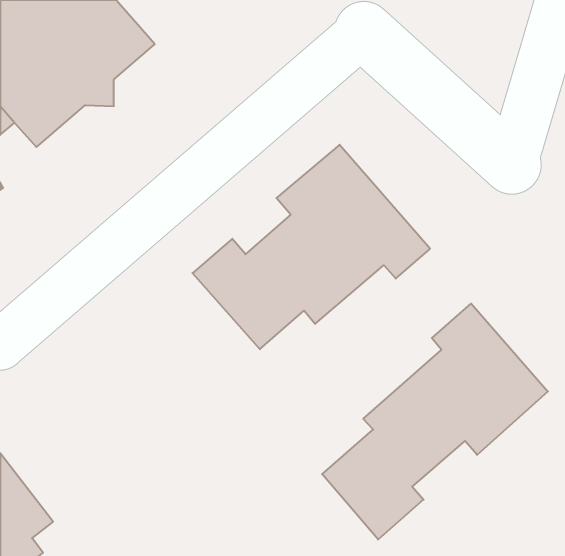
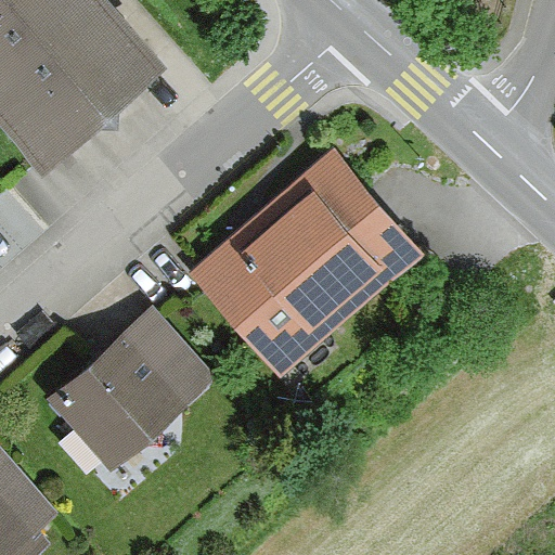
building: [322,304,548,540] -> none
building: none -> [51,314,208,466]

